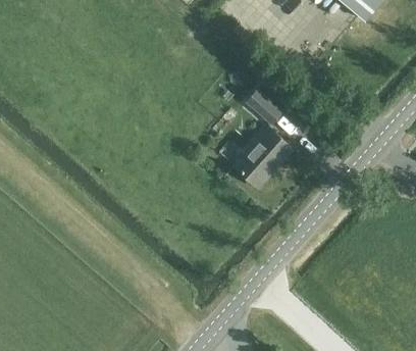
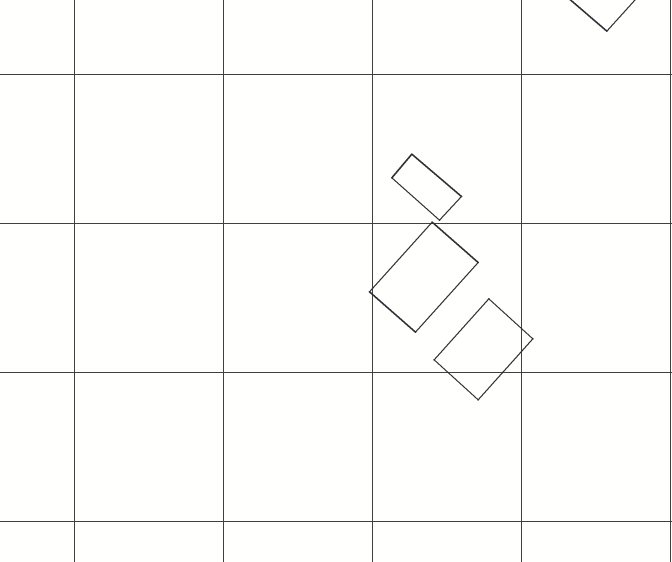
building: none -> [434,299,533,400]

